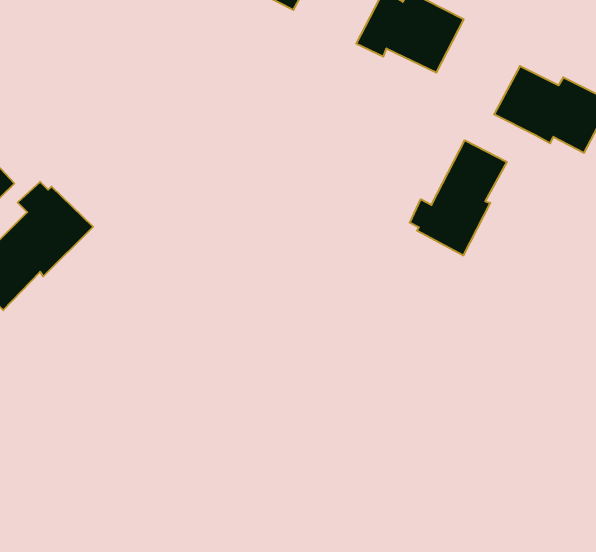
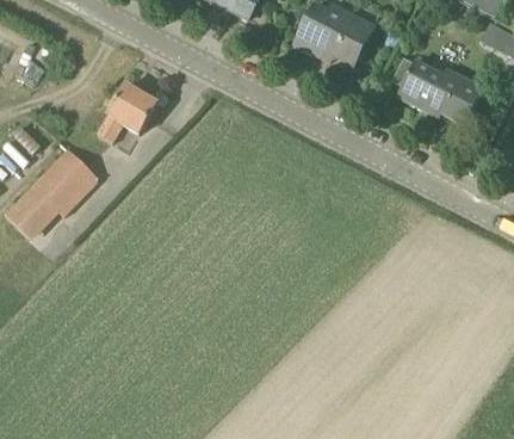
building: none -> [97,85,157,143]
building: [410,140,507,256] -> none

